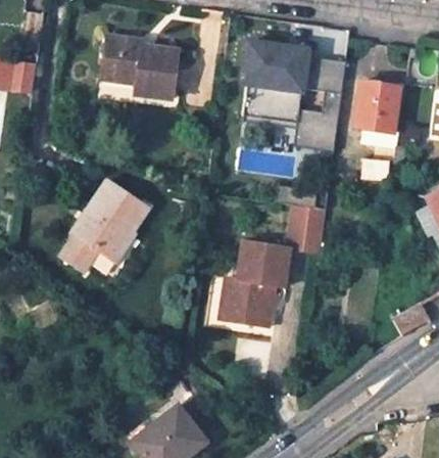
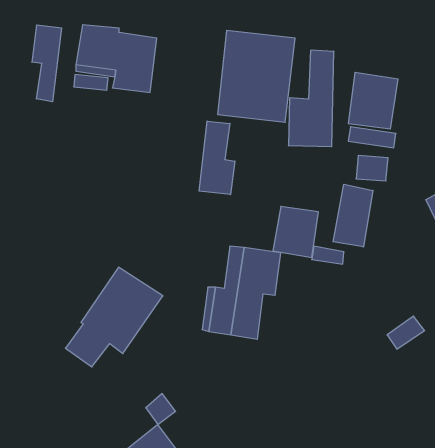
building: none -> [32,25,61,102]
building: none -> [199,121,235,195]
building: [58,180,148,272] -> [65,267,163,367]
building: none -> [333,184,373,247]

